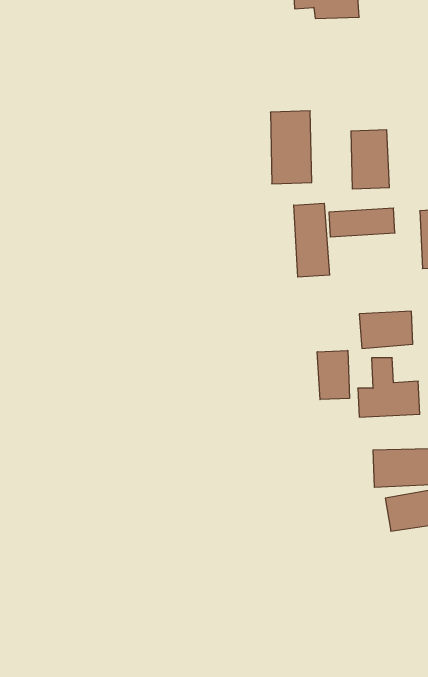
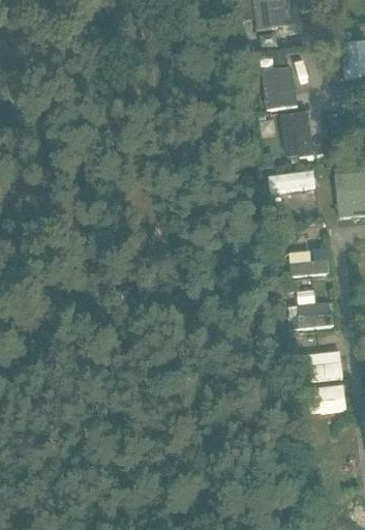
building: [270,111,312,184] -> [265,55,296,110]
building: [294,203,330,277] -> none
building: [317,350,349,400] -> none

